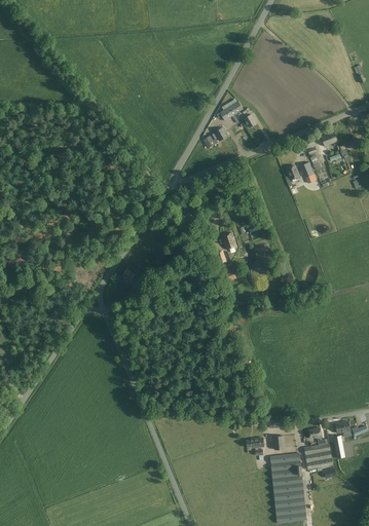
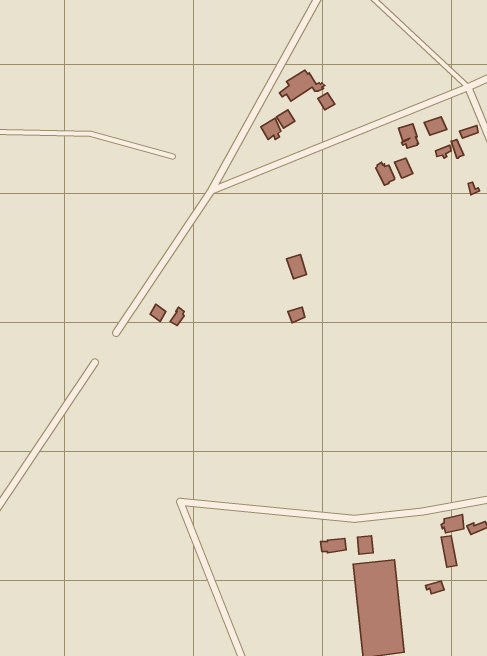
building: [303,426,333,468] -> none

